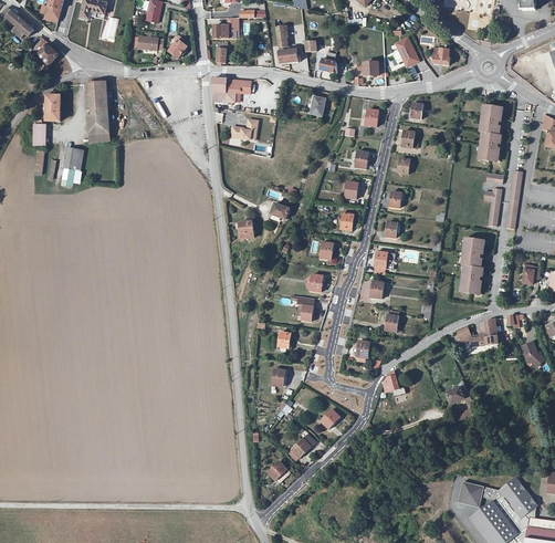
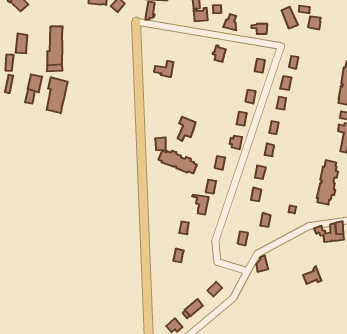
building: [212,76,250,101] -> none
building: none -> [47,77,68,113]
building: none -> [159,150,197,174]

